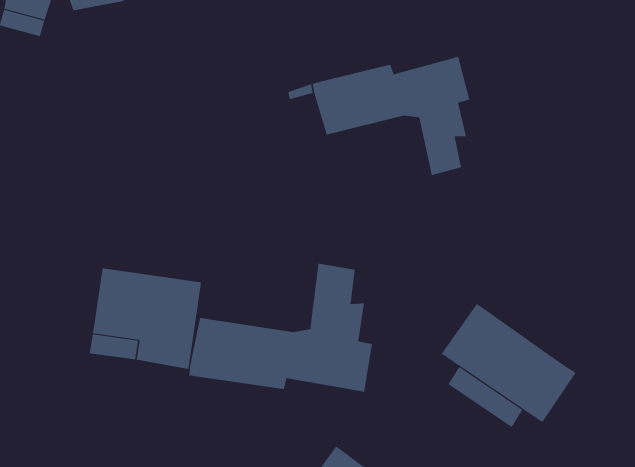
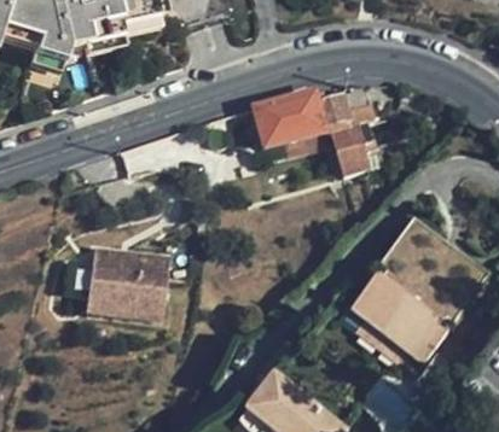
building: none -> [381,214,489,315]
building: [189,263,373,393] -> none

